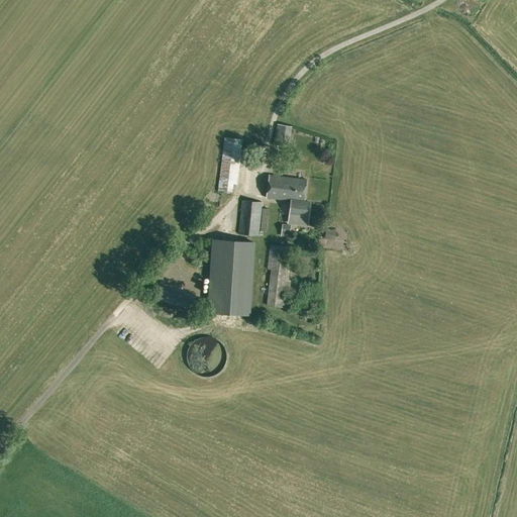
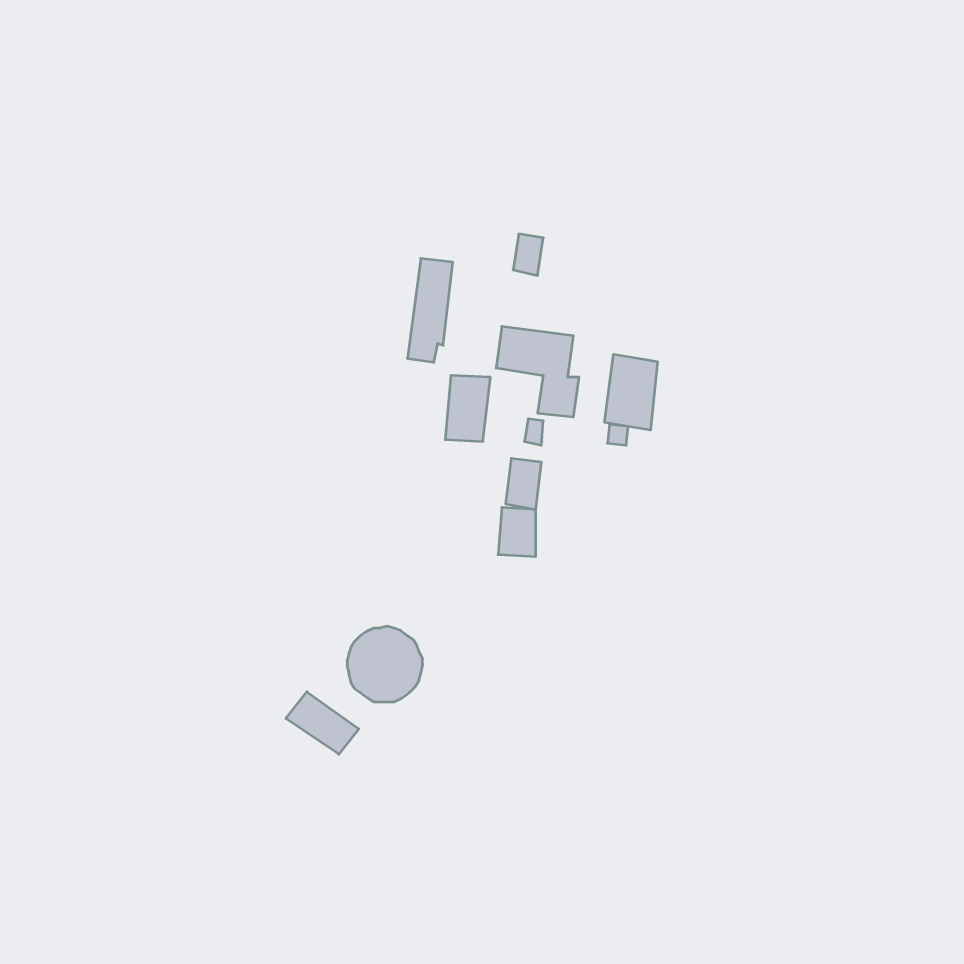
building: none -> [605,354,657,430]
building: [209,240,253,315] -> none
building: none -> [286,692,359,754]

